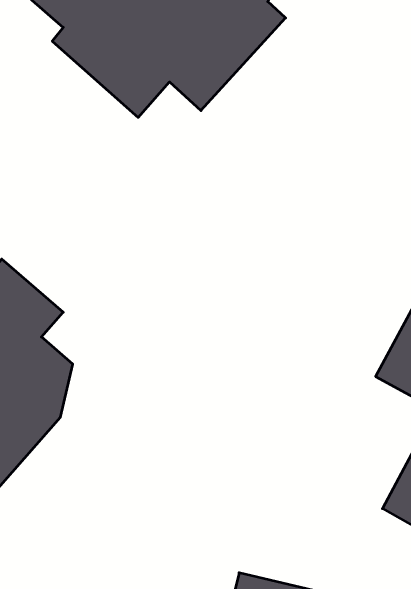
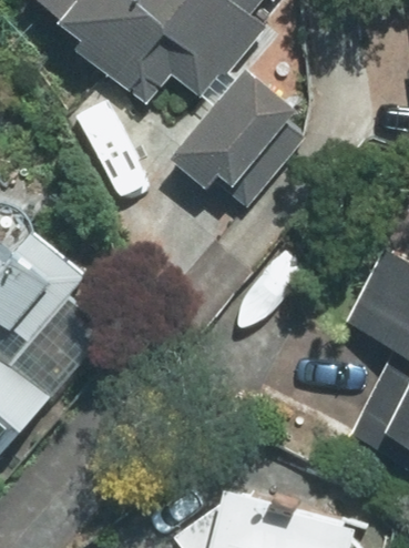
building: none -> [177,68,303,212]

